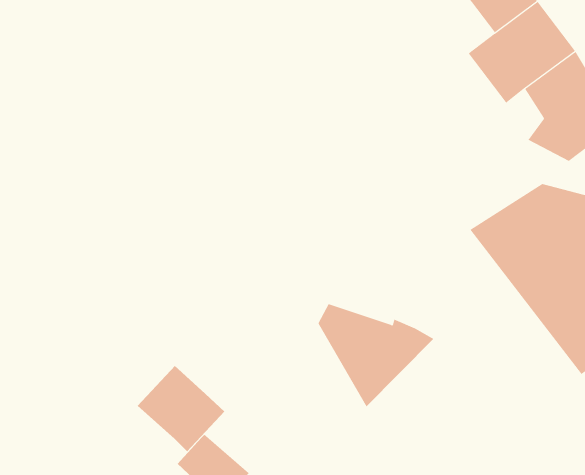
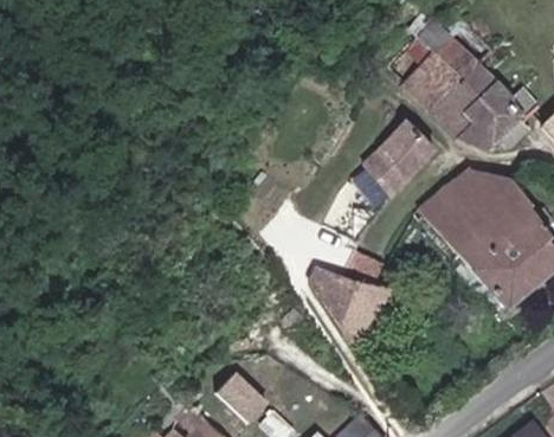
building: none -> [362,118,433,189]
building: [137,365,225,452] -> none

